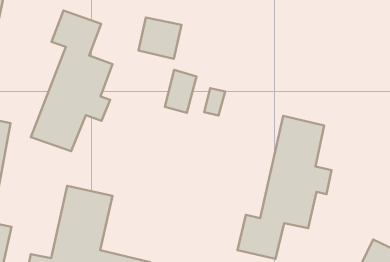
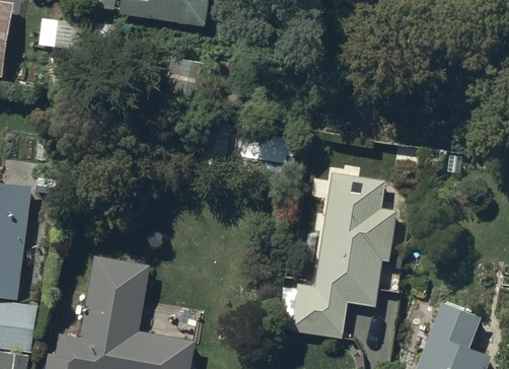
building: [31,10,113,151] -> none

